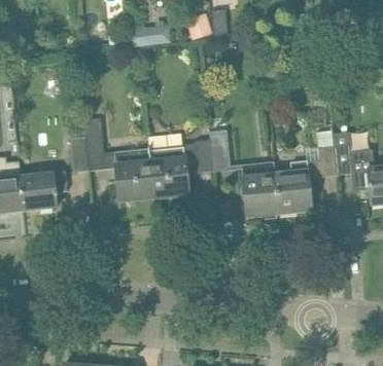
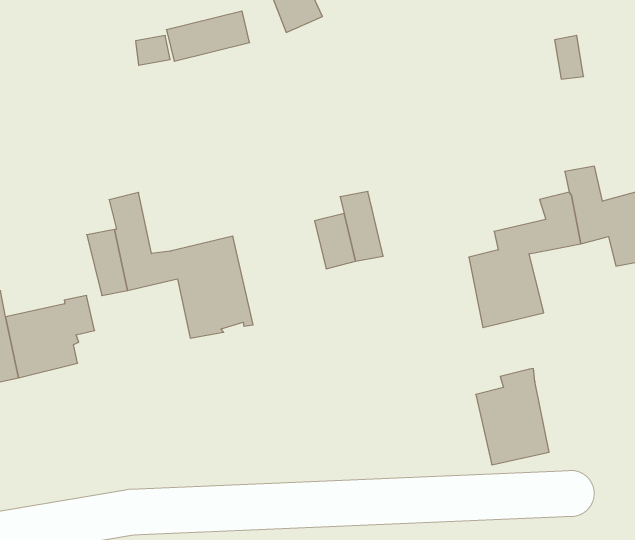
building: [148,144,188,196] -> none
building: [242,167,278,216] -> [476,369,549,465]

